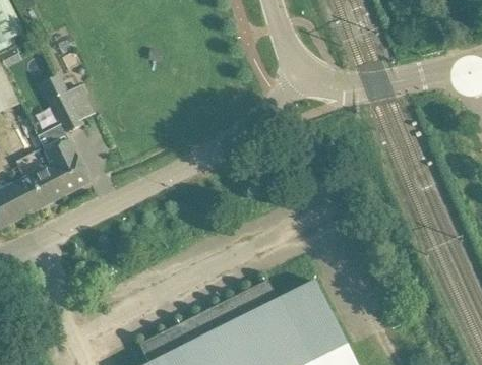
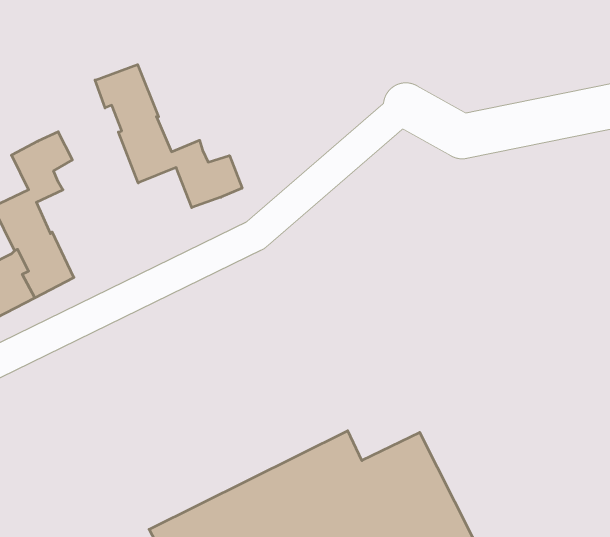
building: none -> [95,65,242,208]

